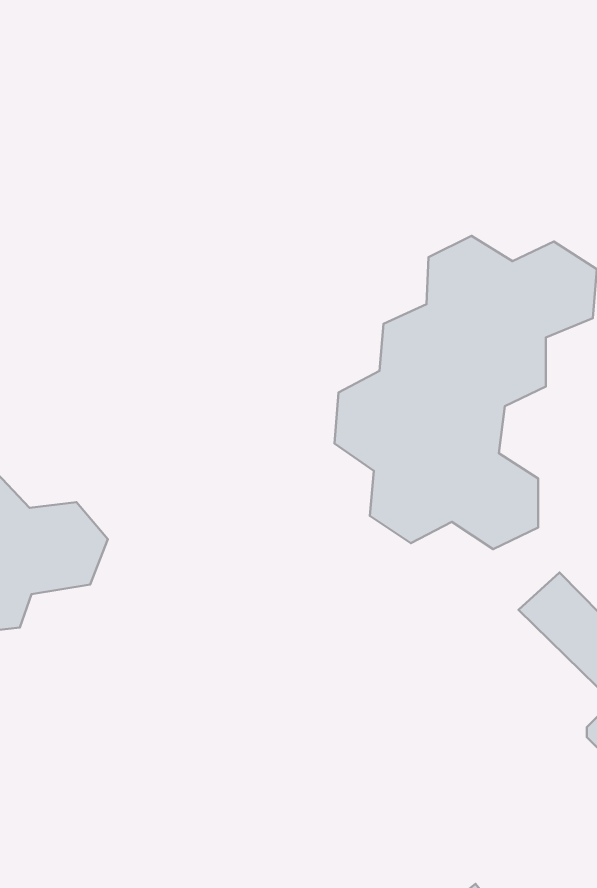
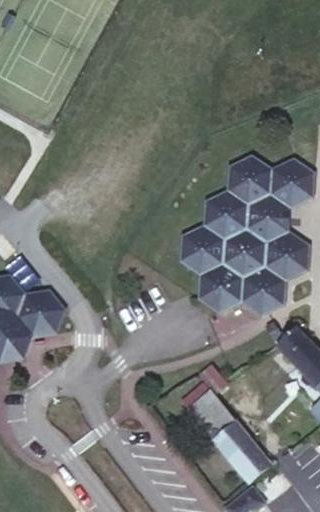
building: none -> [265,233,309,280]
building: none -> [189,391,272,483]

